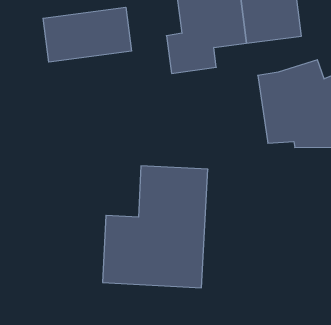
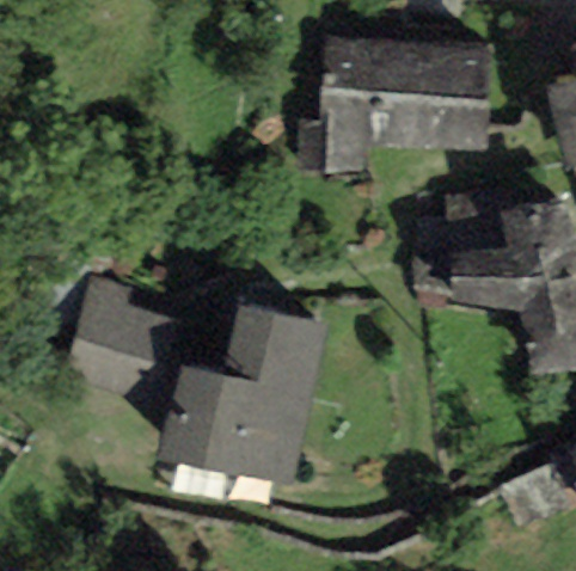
building: [43,7,131,62] -> none
building: none -> [67,274,184,395]

